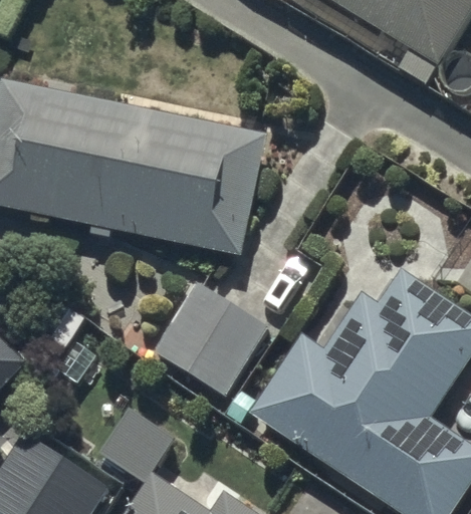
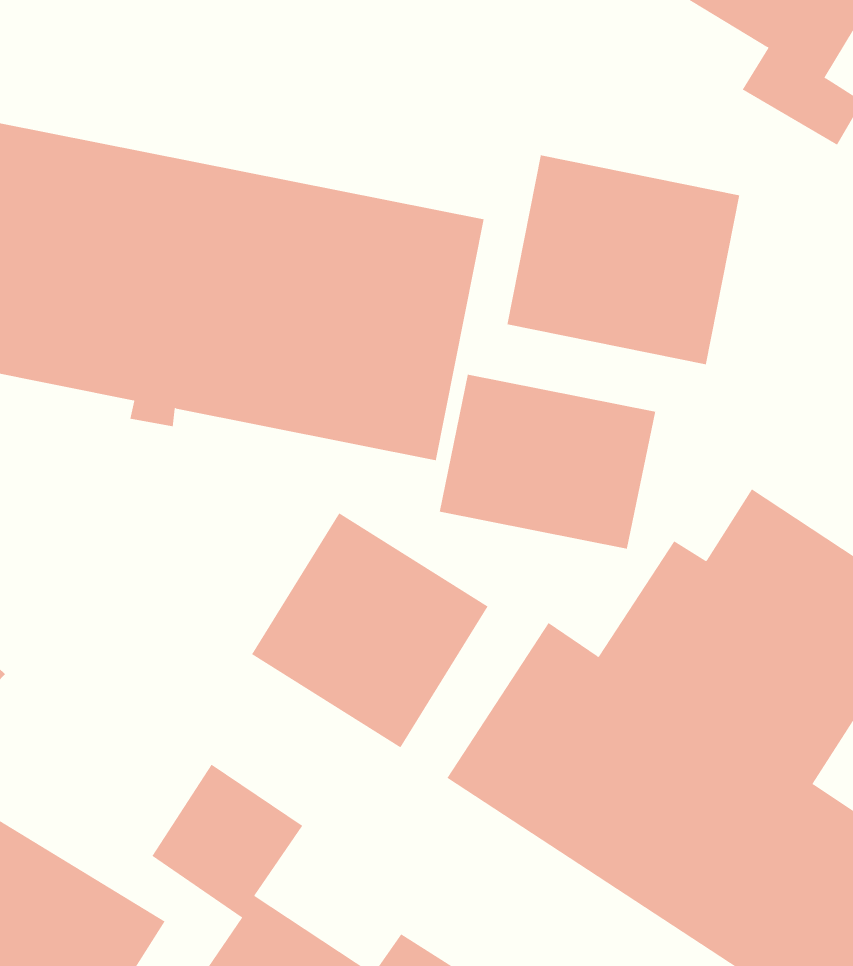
building: none -> [507,155,740,365]
building: none -> [439,374,656,550]

